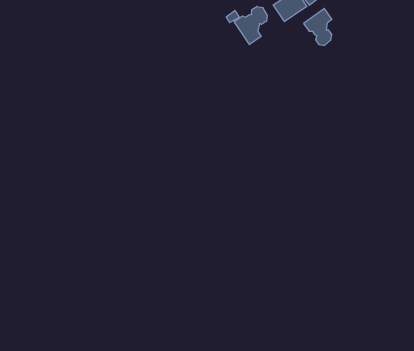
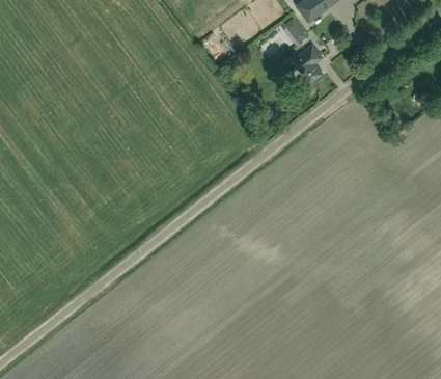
building: [234,6,267,45] -> none

